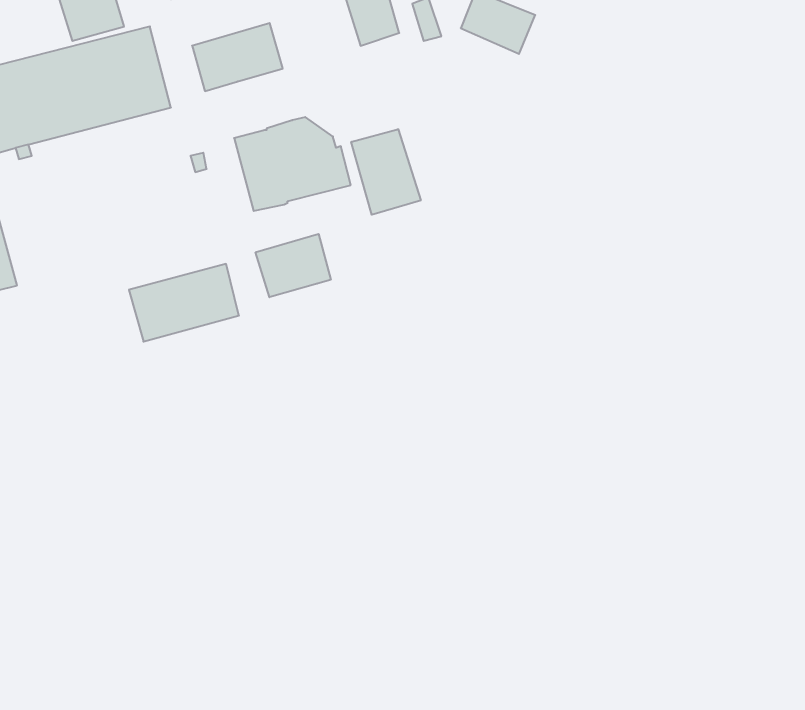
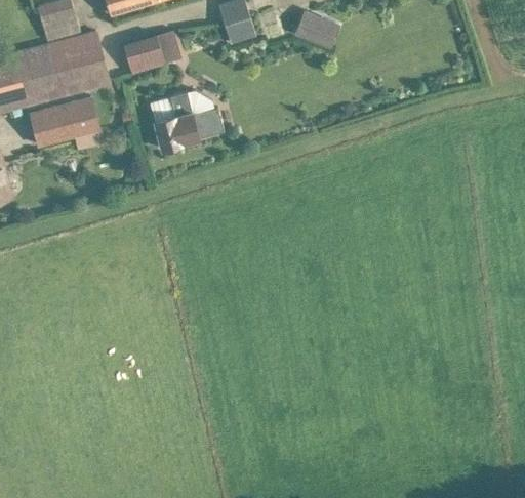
building: [351,129,421,215] -> none
building: [256,234,331,297] -> none
building: [129,264,239,342] -> [30,96,99,146]

